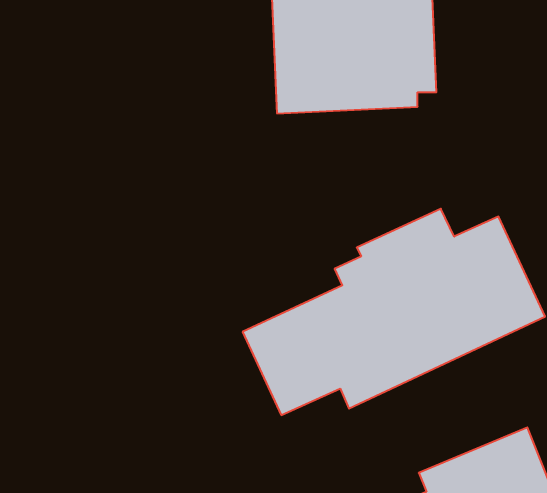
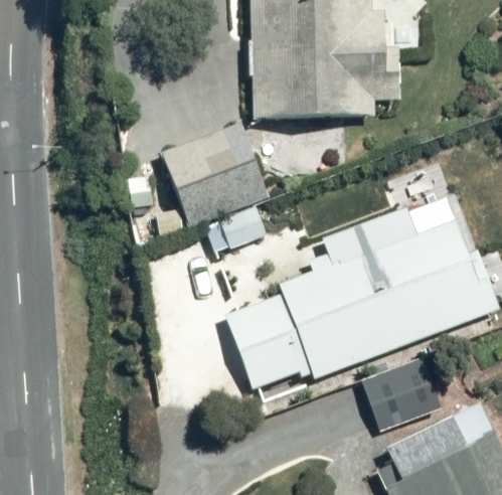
building: none -> [162,123,270,245]
building: none -> [364,358,444,428]

